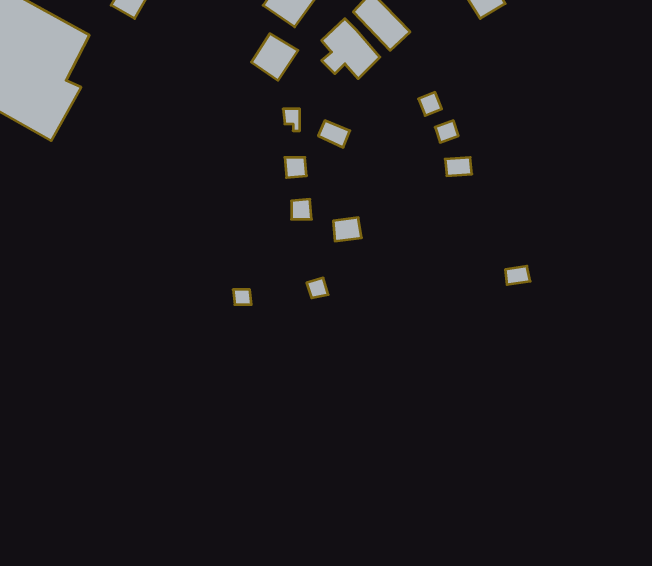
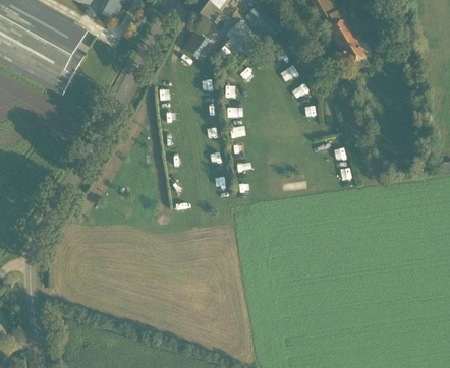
building: none -> [329,18,365,65]

